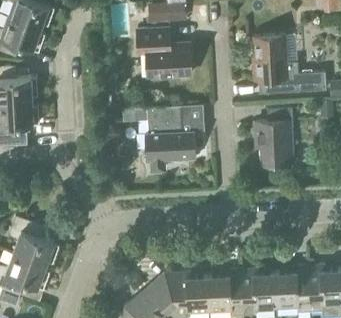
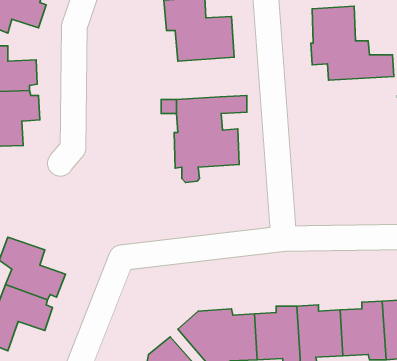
building: [256,108,293,164] -> none

